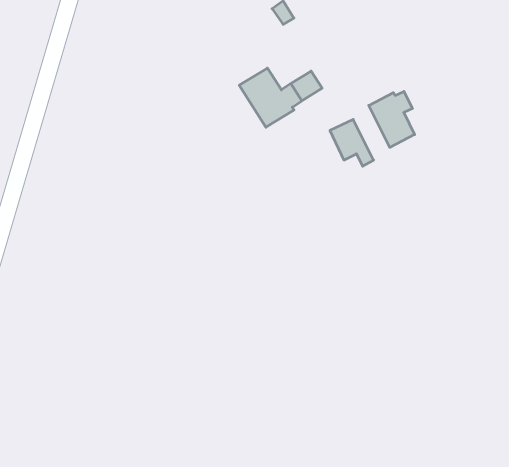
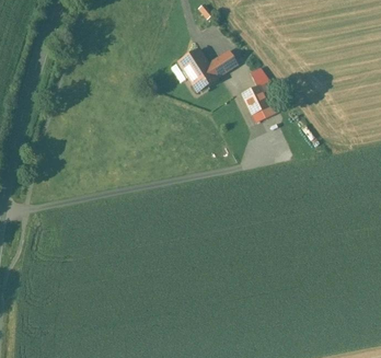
building: [369,91,415,147] -> none

